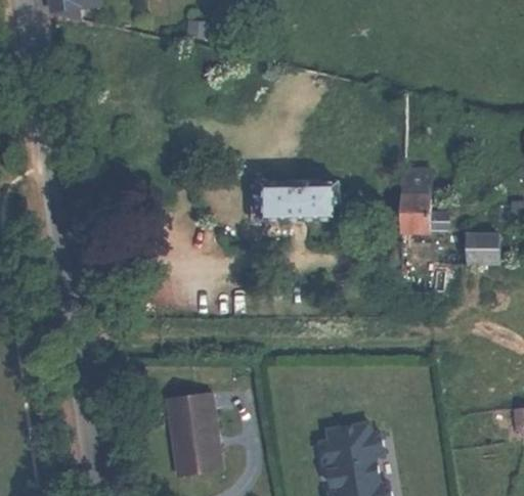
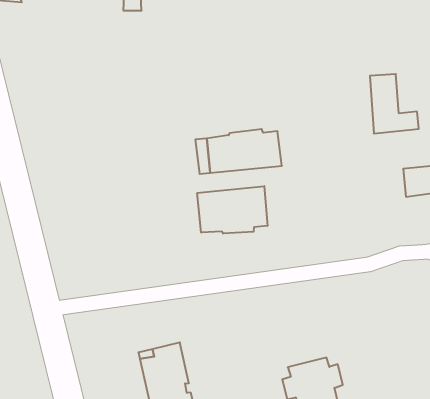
building: [402,169,450,230] -> [370,74,419,133]
building: none -> [197,186,267,234]

